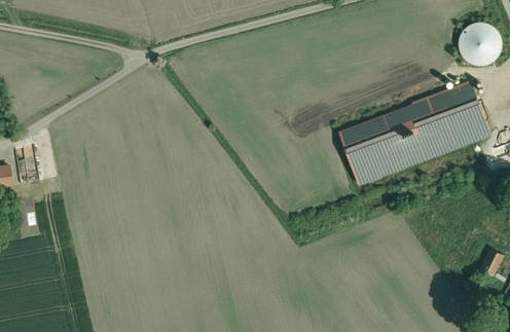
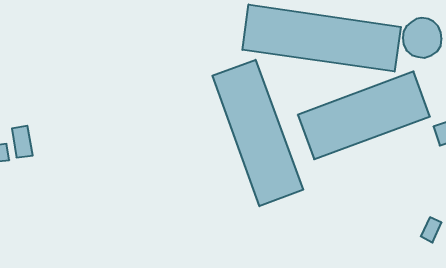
building: none -> [242,4,401,72]
building: none -> [212,60,303,206]

